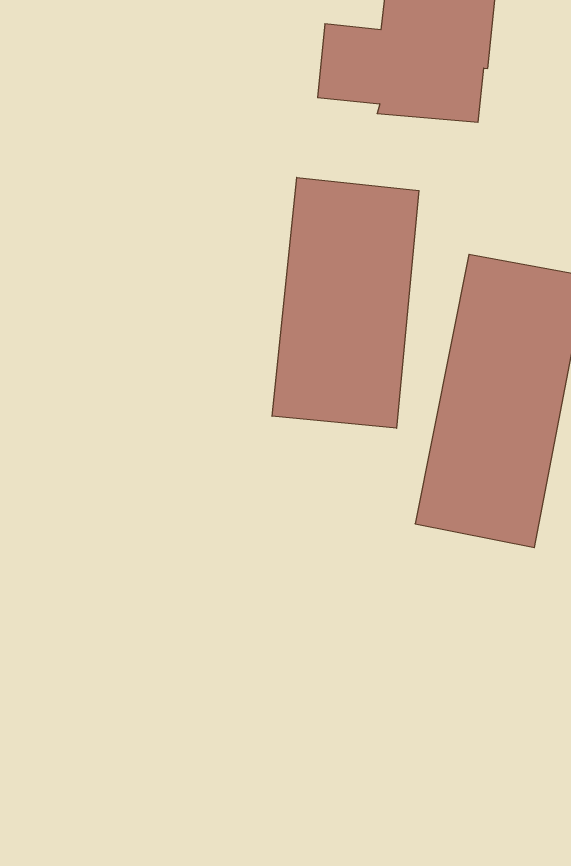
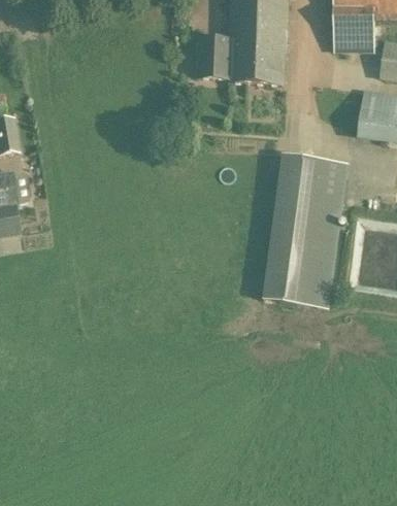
building: [272,177,419,428] -> none

